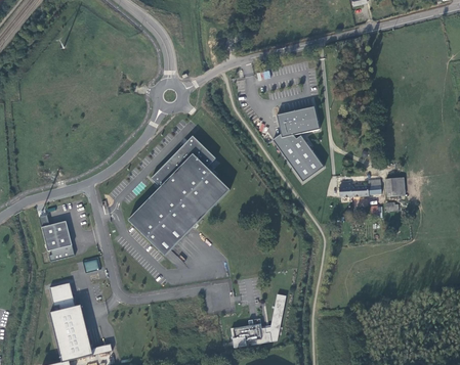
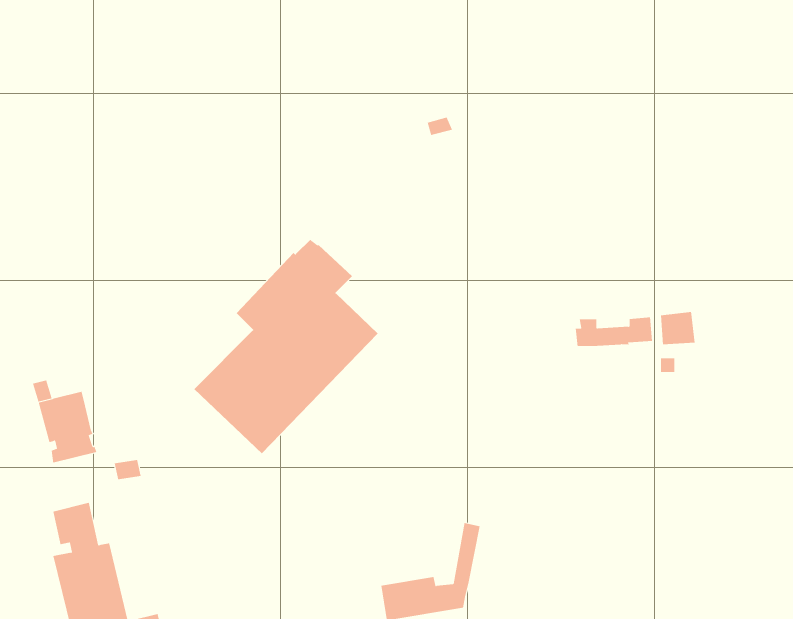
building: [271,106,323,182] -> none

